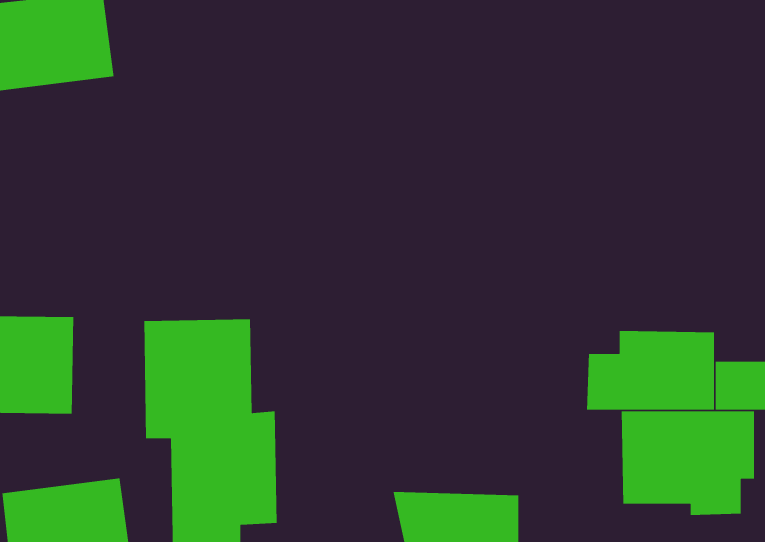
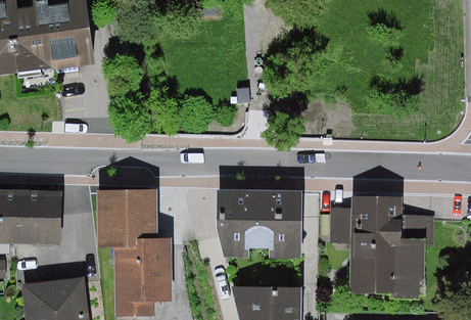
building: none -> [216,191,303,259]

